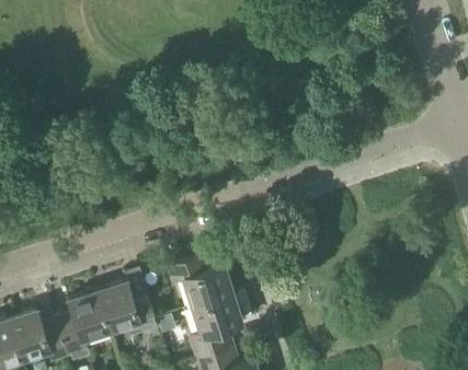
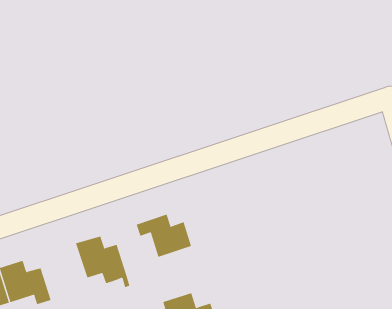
building: [57,289,110,361] -> none
building: [191,294,241,359] -> none

